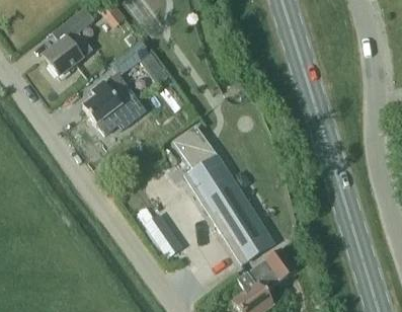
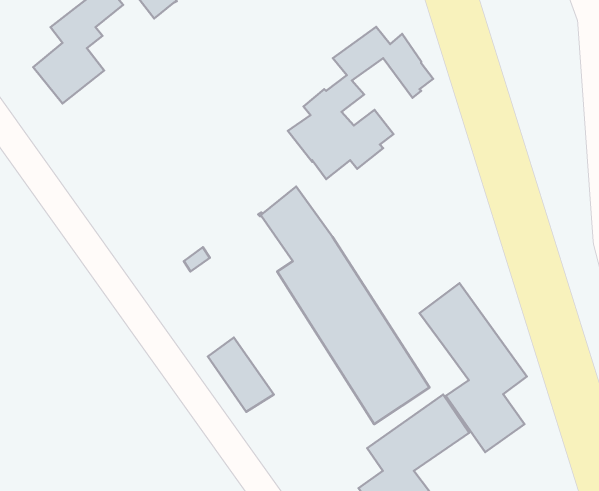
building: [83,45,168,134] -> [288,27,433,179]
building: none -> [420,283,527,452]

